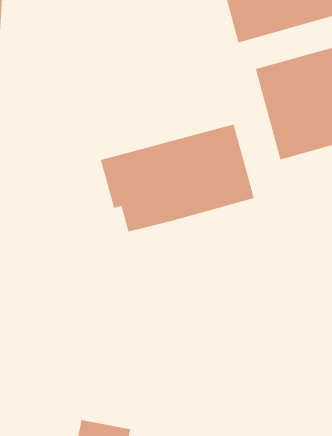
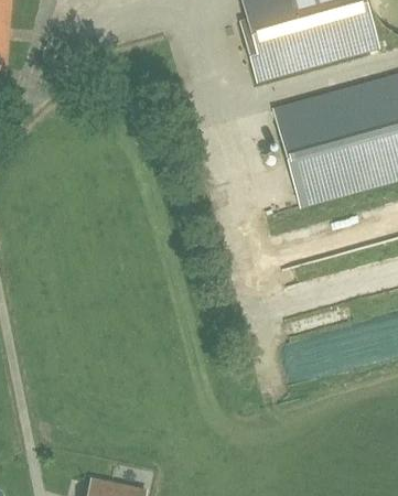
building: [100,123,255,233] -> none

